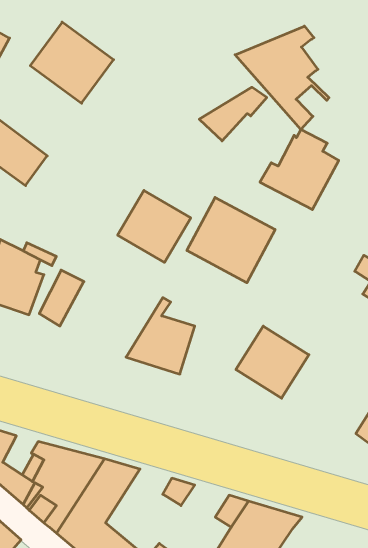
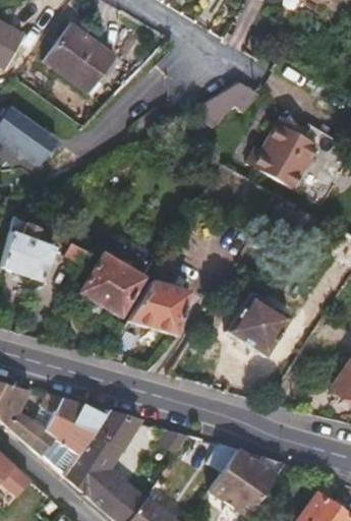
building: [235,26,329,130] -> none
building: [118,190,191,262] -> [78,252,143,316]
building: [187,197,275,283] -> none

